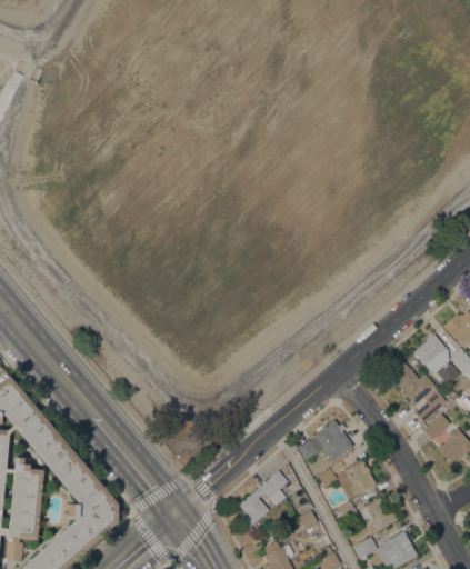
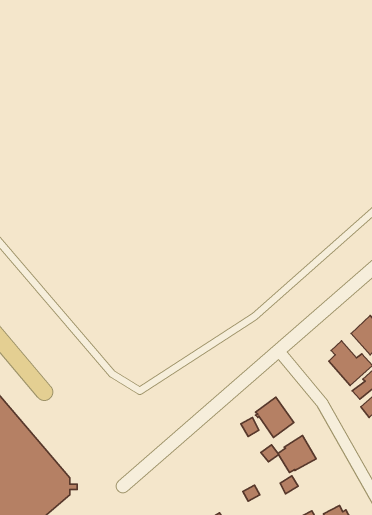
building: [239,471,288,528] -> none
building: [366,498,399,532] -> none

